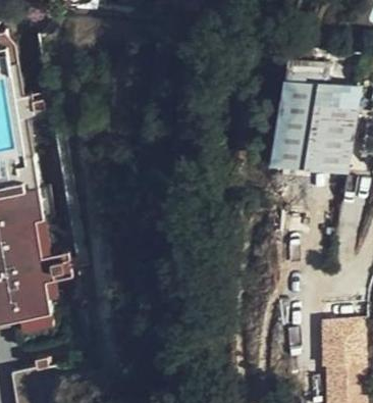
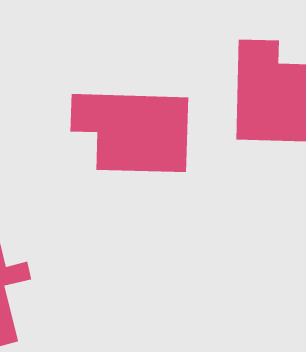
building: none -> [70,93,189,173]

